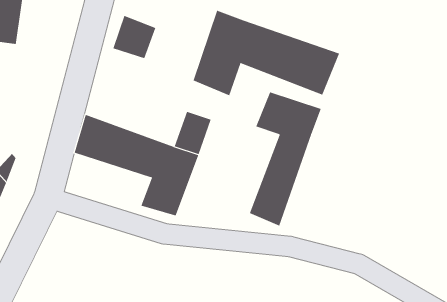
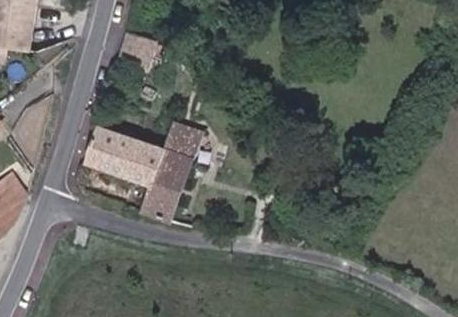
building: [193,10,340,96] -> none
building: [249,92,321,227] -> none

